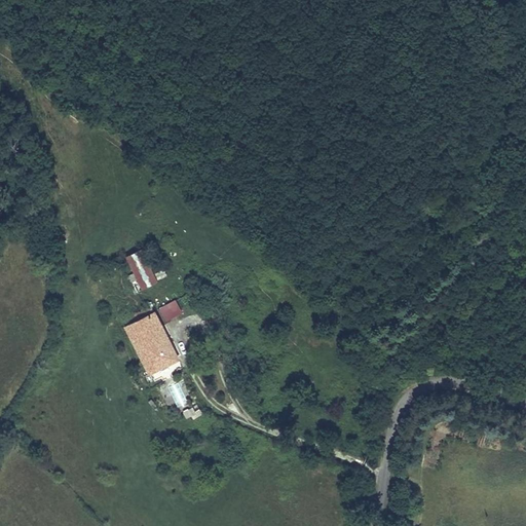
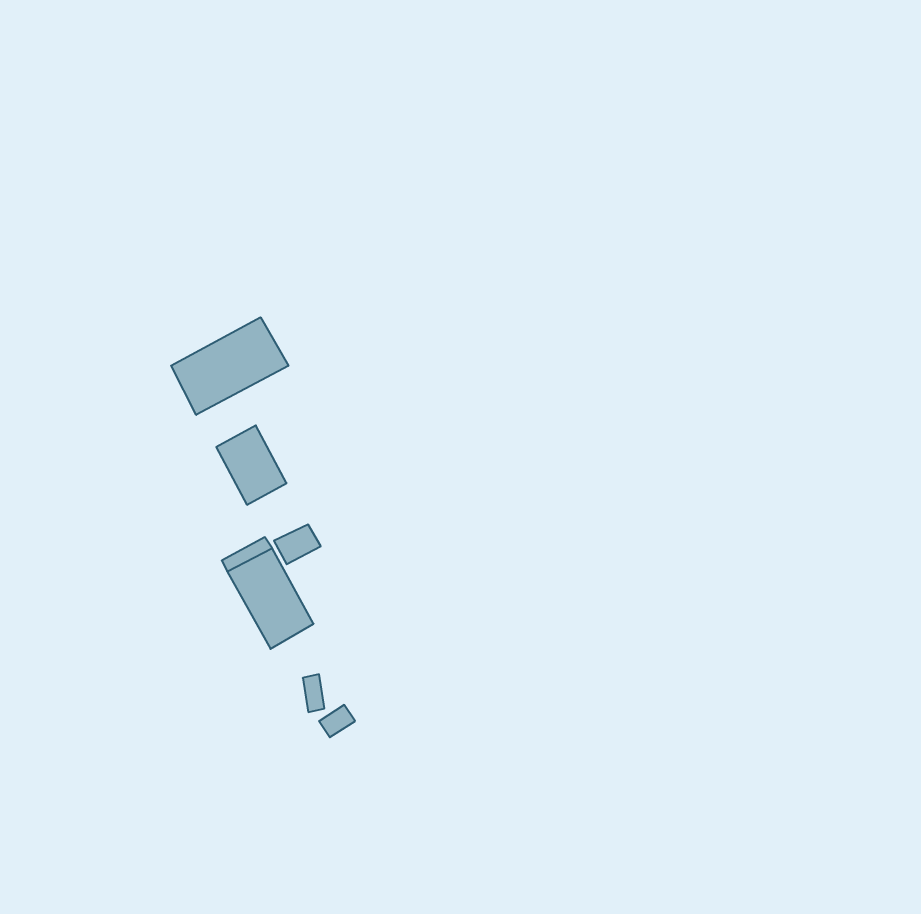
building: none -> [171,317,288,415]

